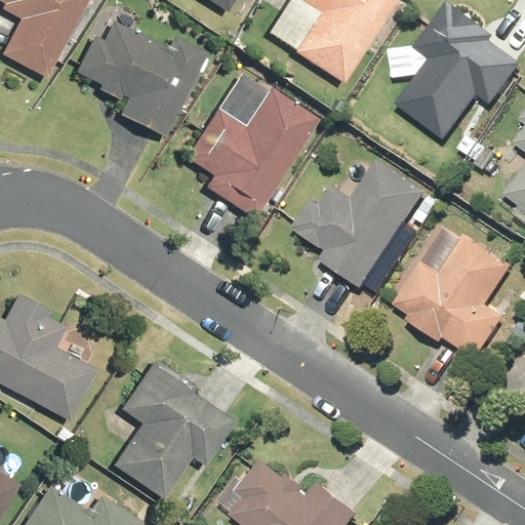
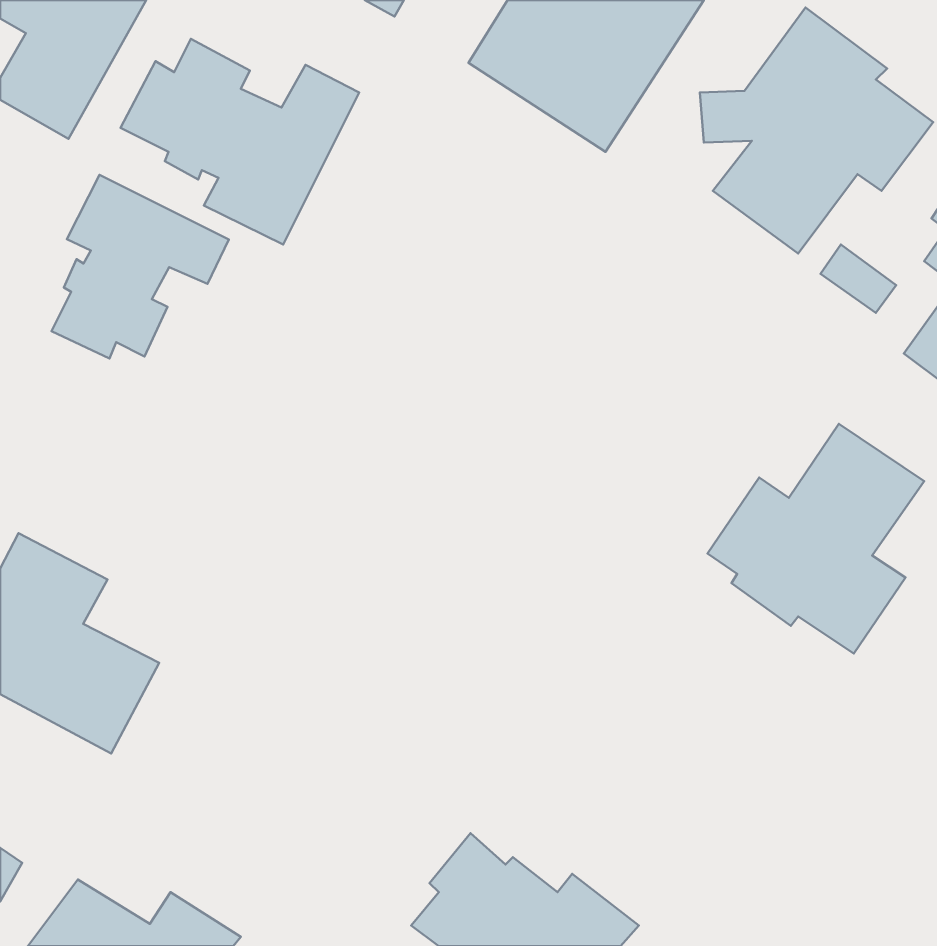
building: [185,69,318,216] -> none
building: none -> [51,175,229,359]
building: [294,159,433,292] -> none
building: [112,365,231,496] -> none

